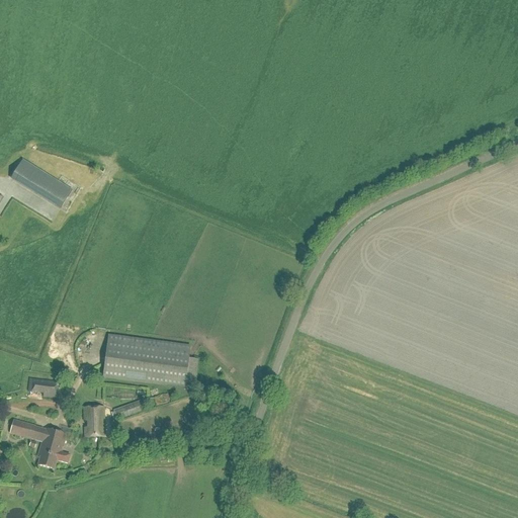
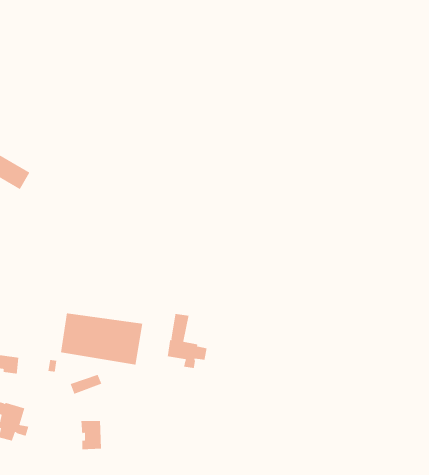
building: none -> [167,313,207,369]
building: [82,405,104,435] -> [80,421,102,450]

